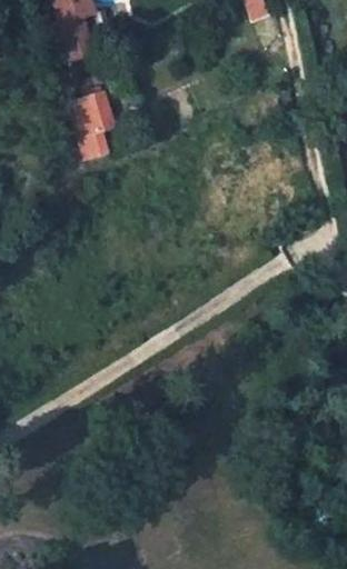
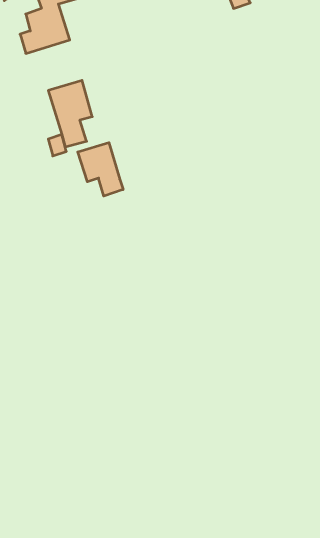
building: none -> [78,143,123,196]

